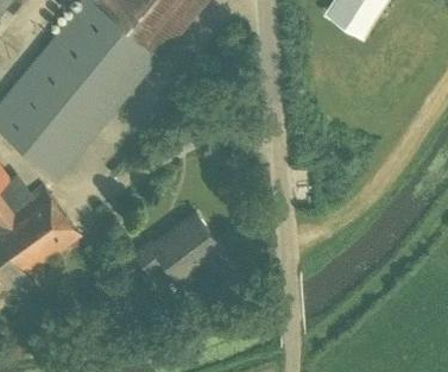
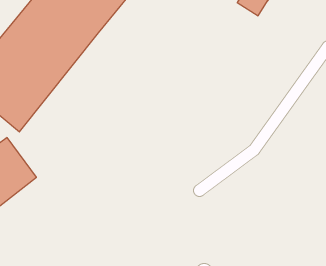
building: [134,213,221,294] -> none

